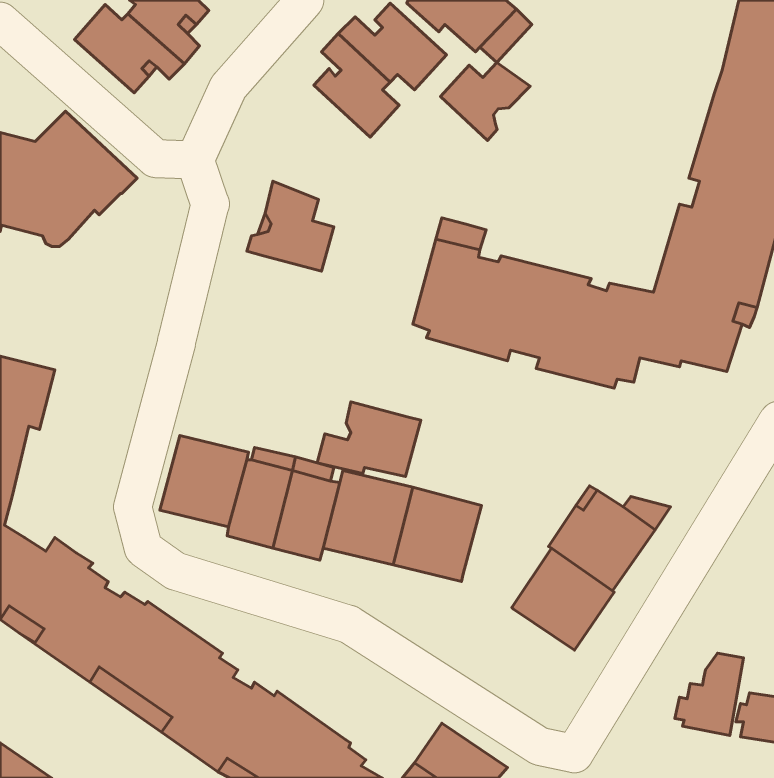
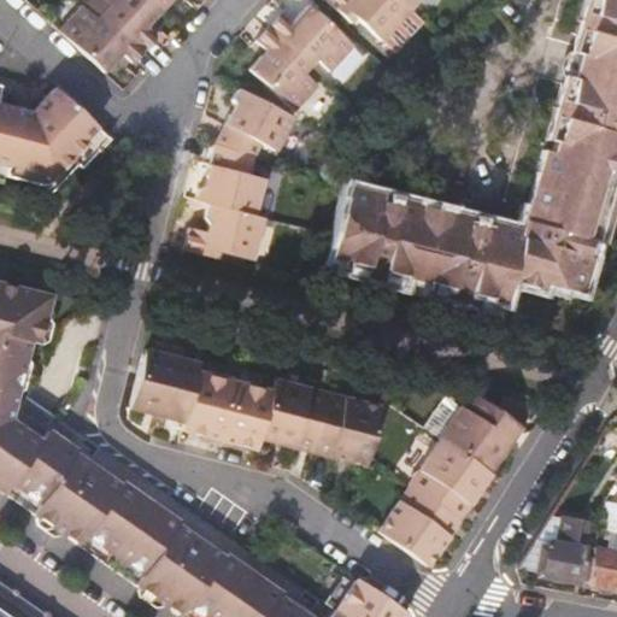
building: [441,62,530,140] -> none
building: none -> [219,87,296,158]
building: [317,402,421,476] -> [186,202,268,262]
building: none -> [378,482,459,562]

